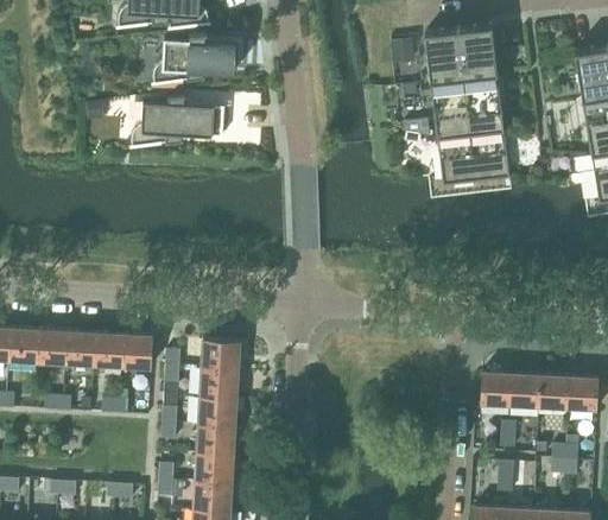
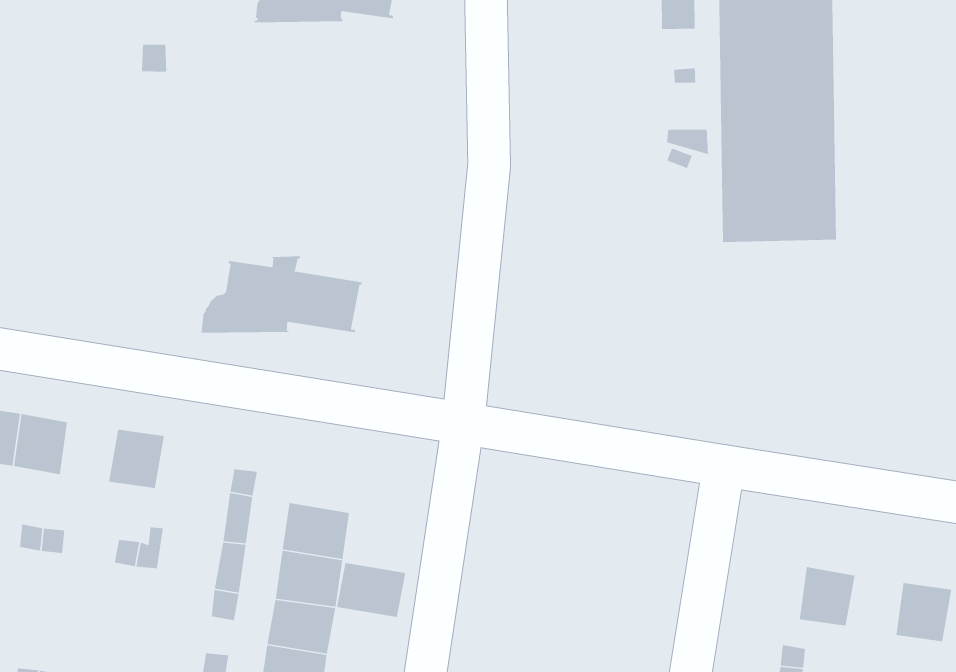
building: [129,95,223,147] -> [199,255,363,333]
building: [64,331,95,364] -> none
building: [121,334,153,367] -> none
building: [201,338,240,368] -> [336,562,406,618]
building: [480,372,511,405] -> none
building: [538,375,569,408] -> none

